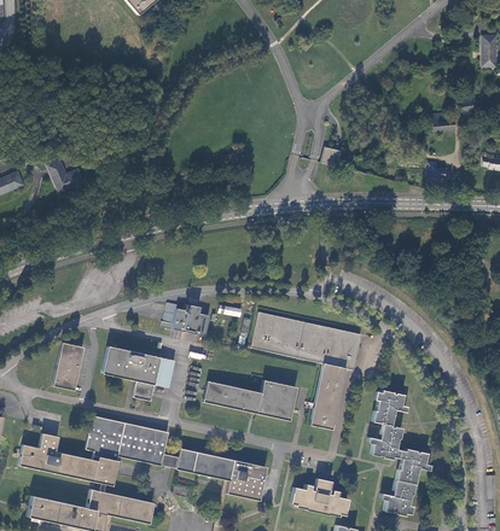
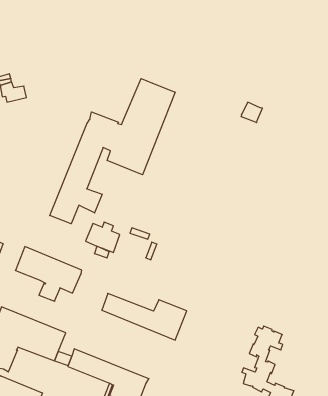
building: none -> [50,79,175,224]
building: [251,310,361,428] -> none

